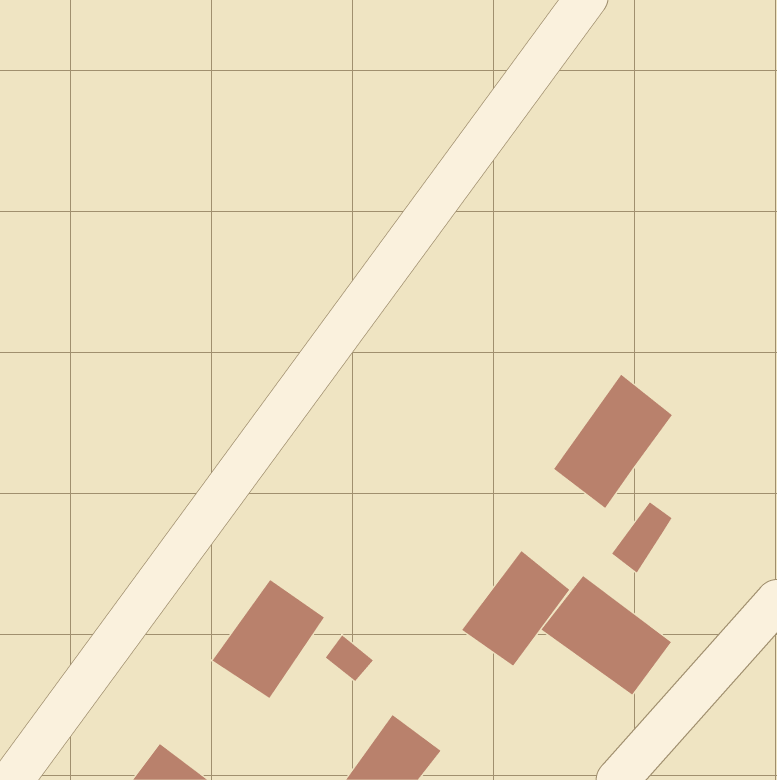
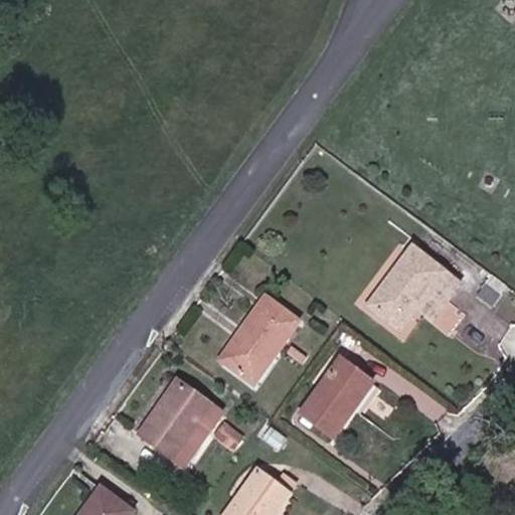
building: none -> [219,294,298,376]
building: [611,501,672,573] -> [416,273,457,320]
building: [541,575,672,696] -> none

